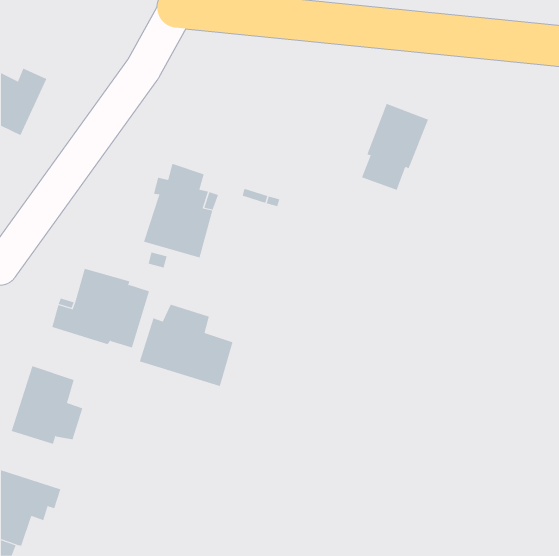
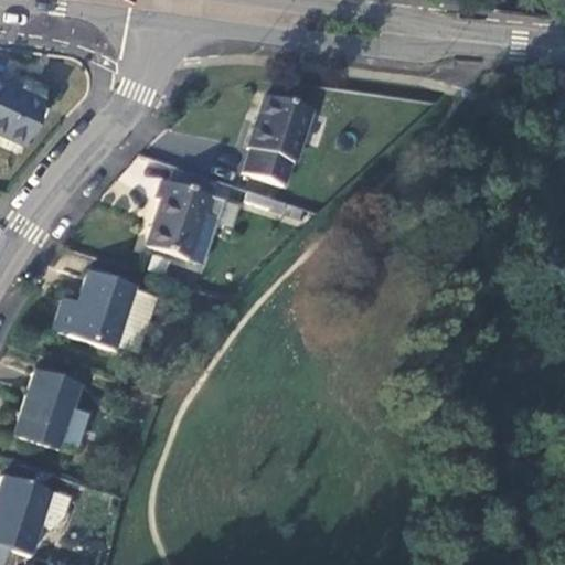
building: [361,103,429,191] -> [245,93,313,181]
building: [139,304,233,387] -> none

